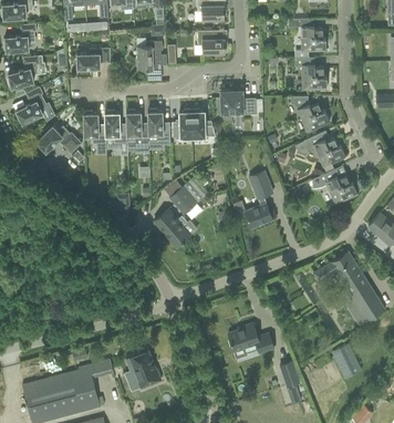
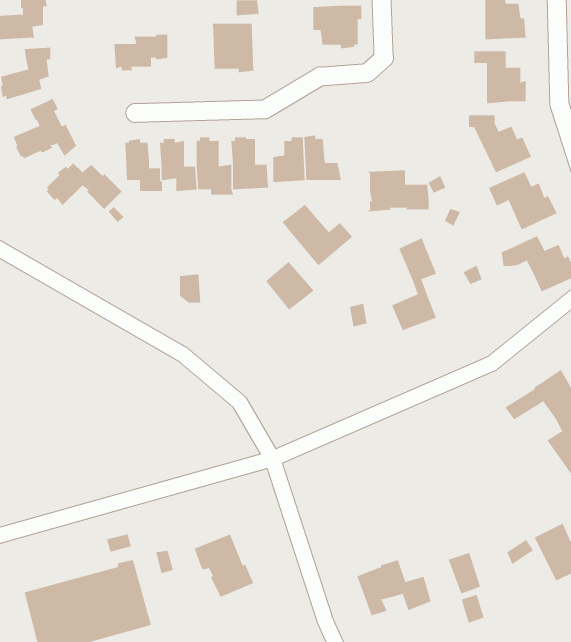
building: [219,90,257,115] -> [367,170,430,212]
building: [154,209,197,247] -> [281,204,353,266]
building: [228,323,273,358] -> [356,560,431,616]

